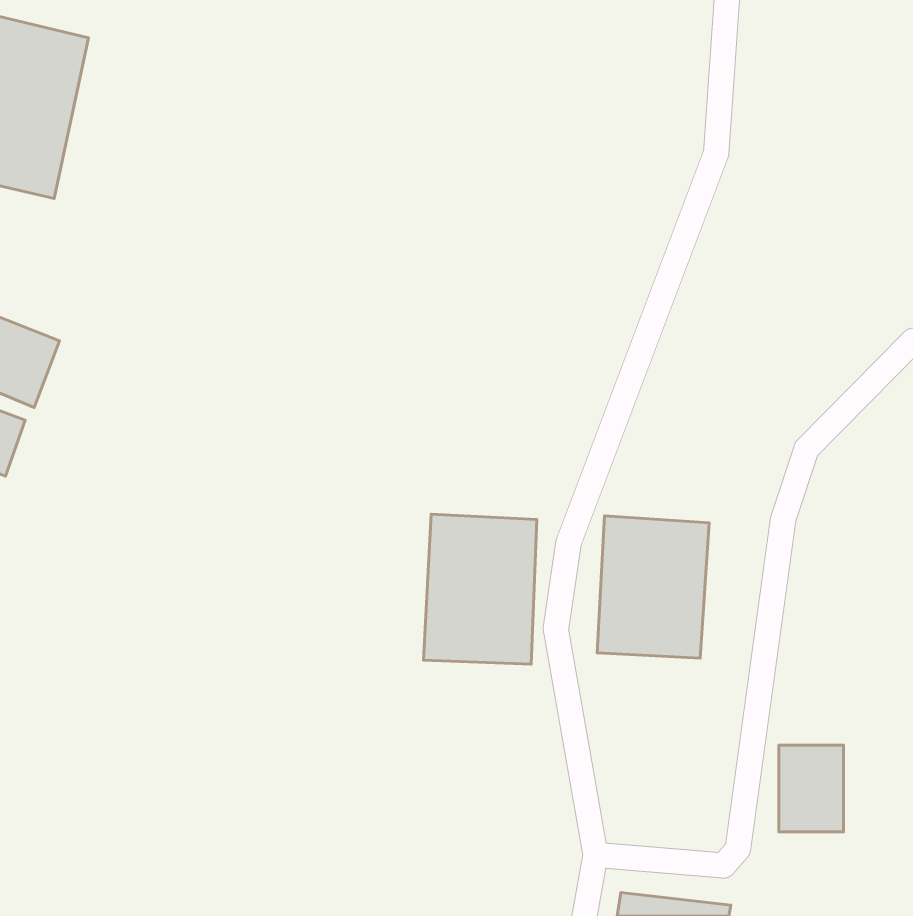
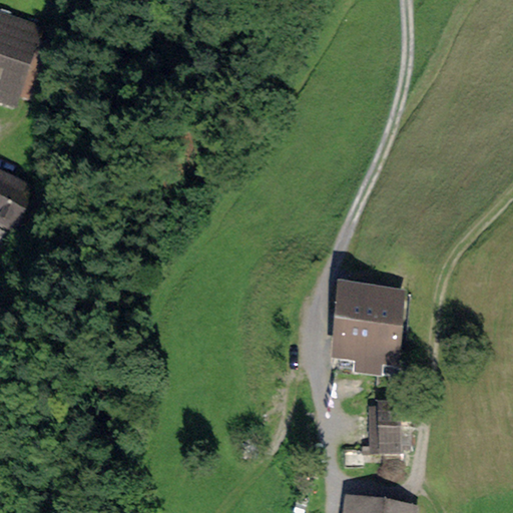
building: [424,514,537,664] -> none
building: [779,745,844,832] -> [366,402,402,450]

